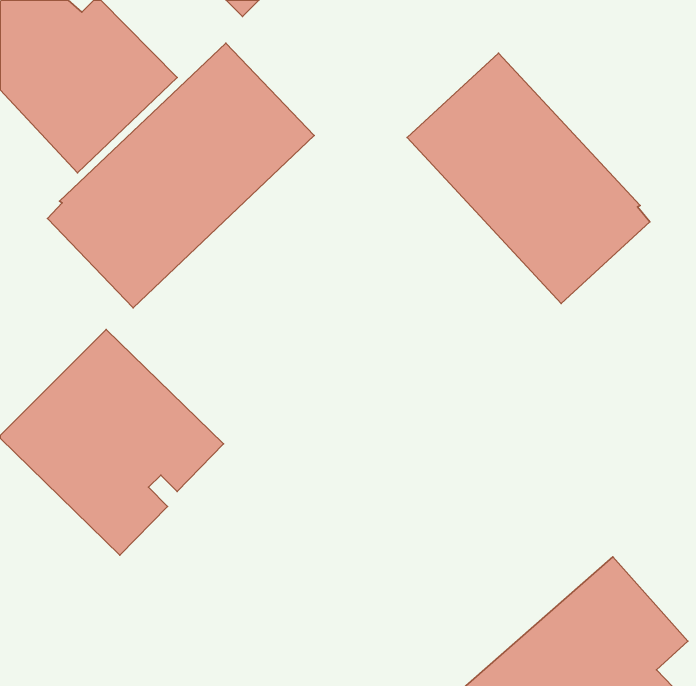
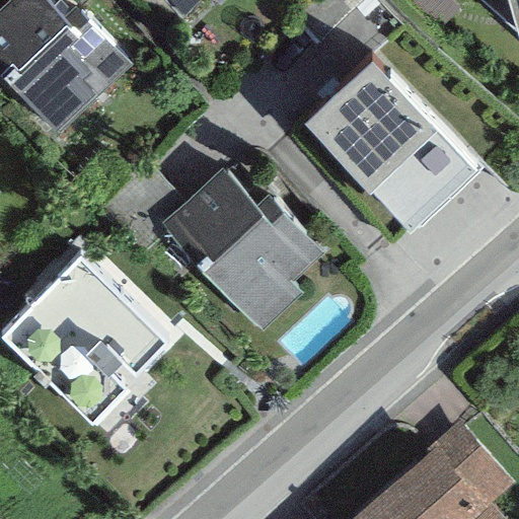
building: [47,43,314,308] -> none
building: none -> [159,168,321,332]

